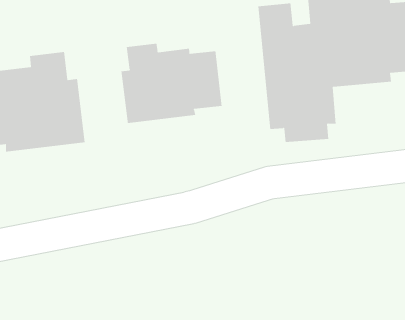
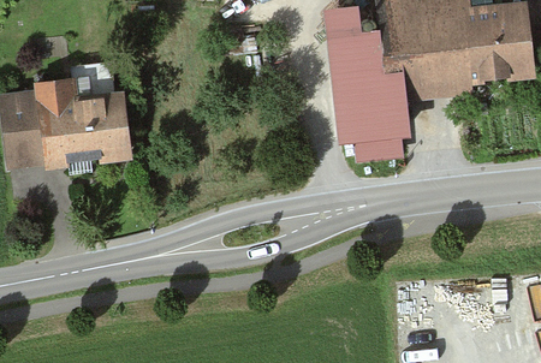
building: [121,43,222,124] -> none

